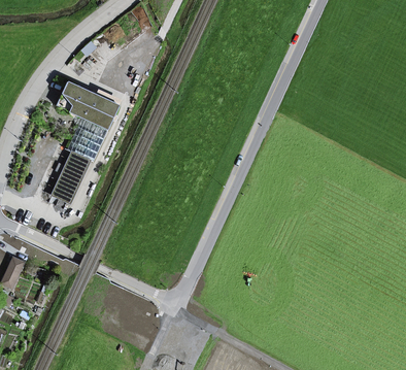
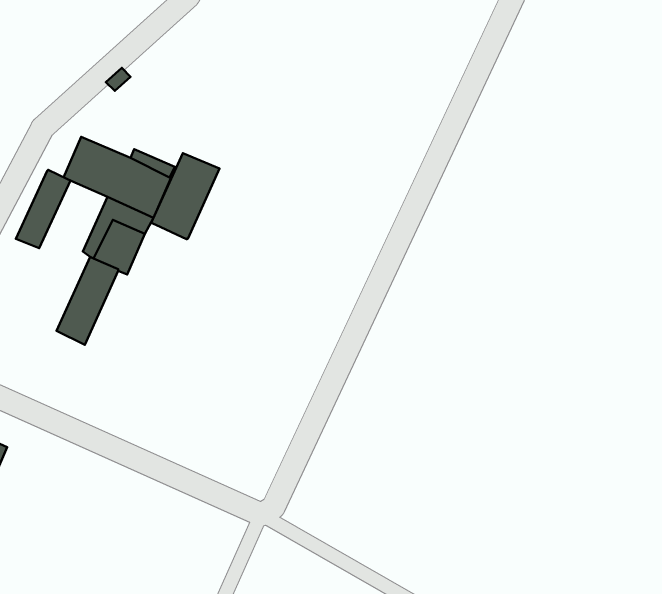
building: none -> [151,153,219,239]
building: none -> [16,170,70,248]

